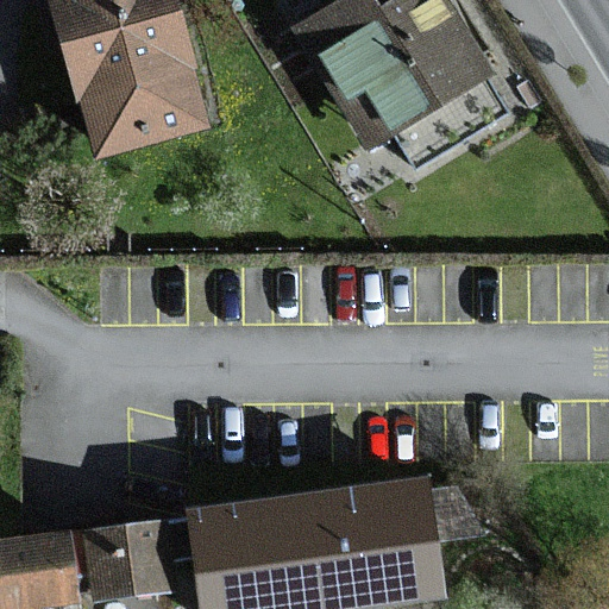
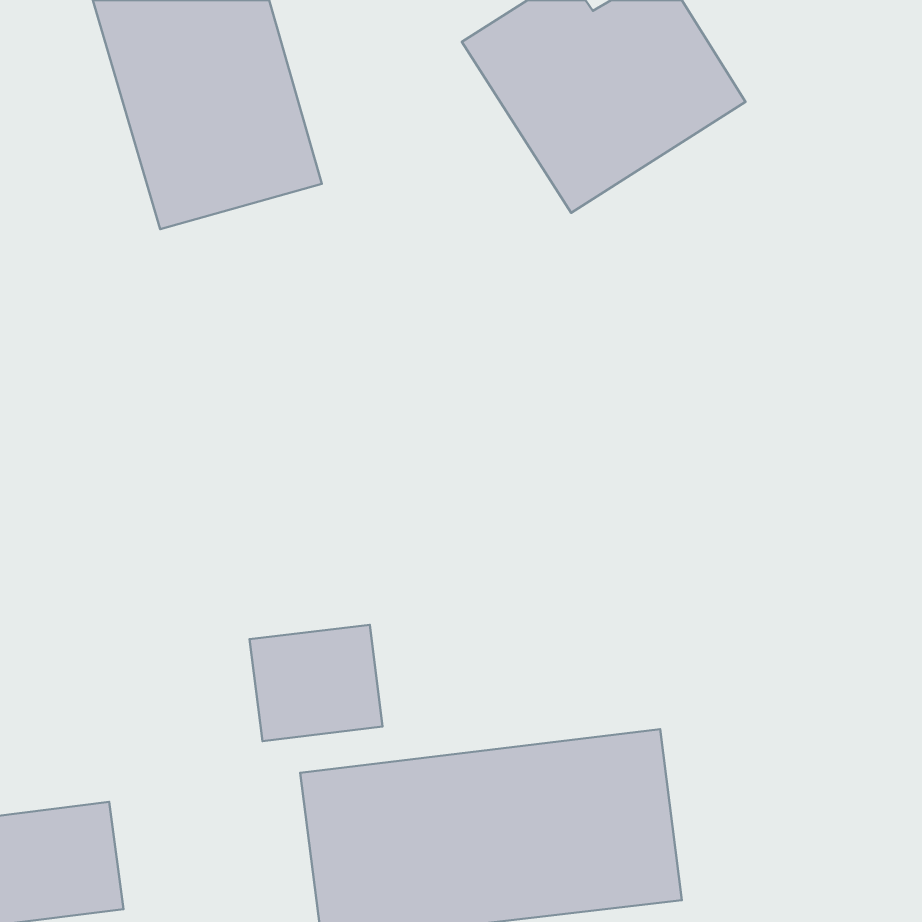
building: [90,522,177,598] -> [250,625,382,741]

